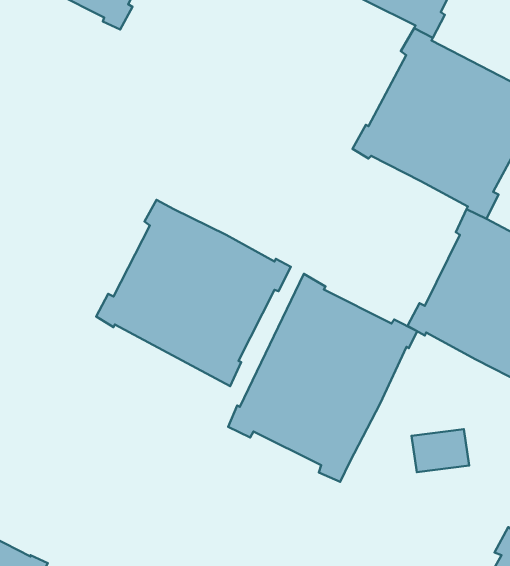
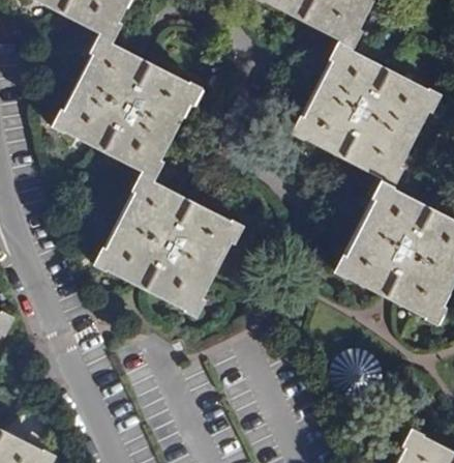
building: none -> [50,35,202,180]
building: [228,274,417,482] -> none

